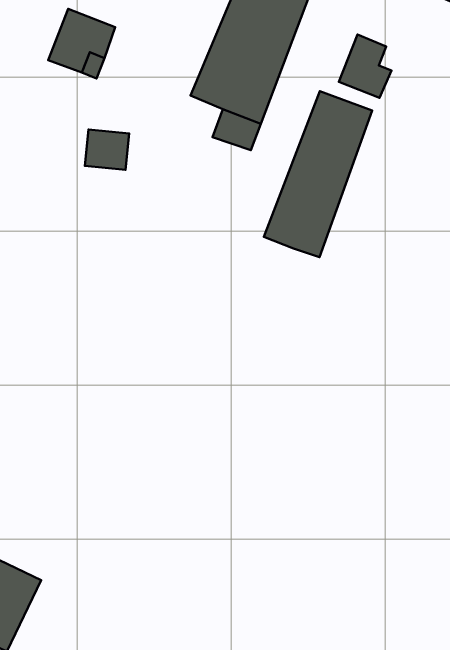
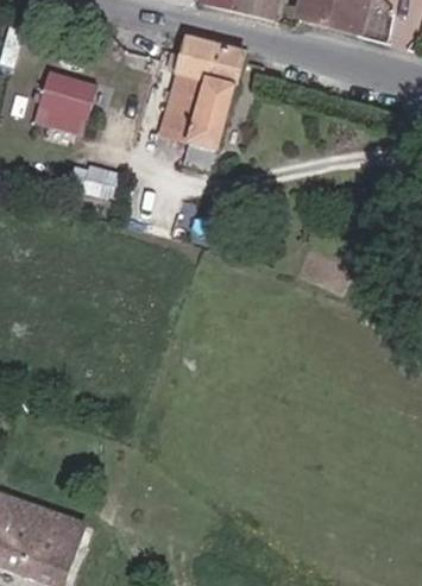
building: [339,35,392,98] -> none
building: [264,91,372,257] -> none

